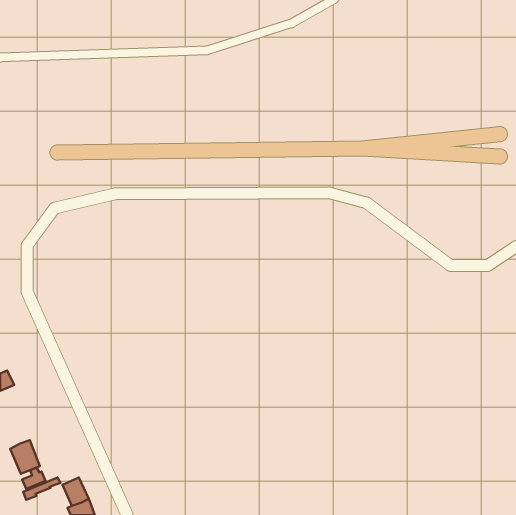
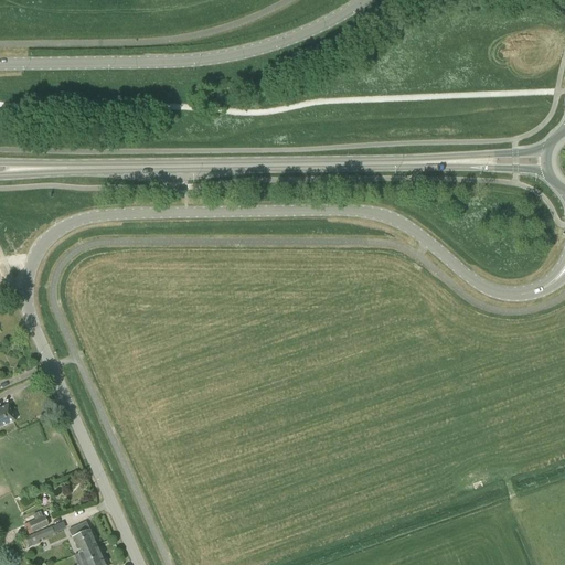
building: [10,440,40,474] -> none

